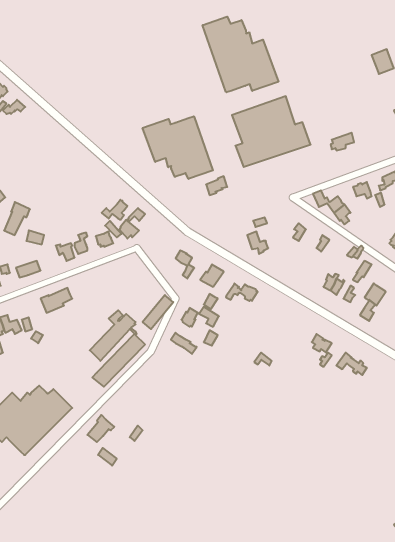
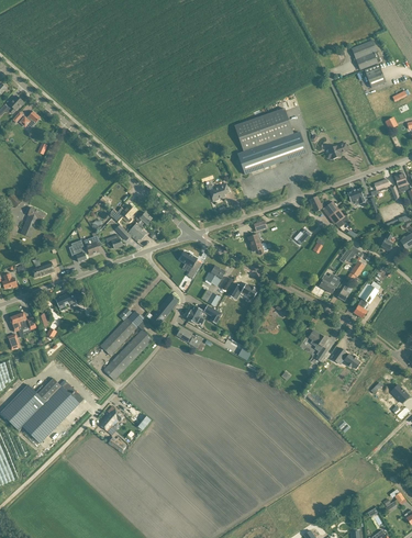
building: [203,17,278,92] -> none
building: none -> [352,40,381,69]
building: [143,116,213,179] -> none

